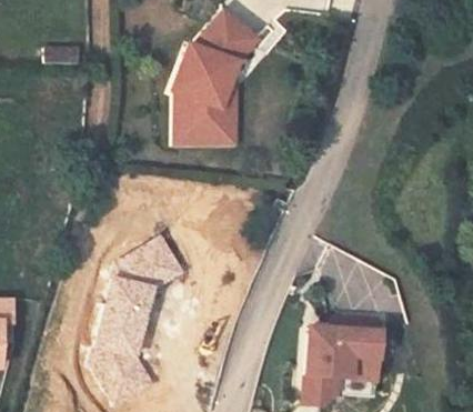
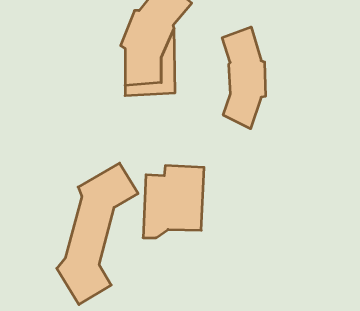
building: none -> [222,27,265,129]
building: [299,304,372,391] -> [143,166,204,238]

